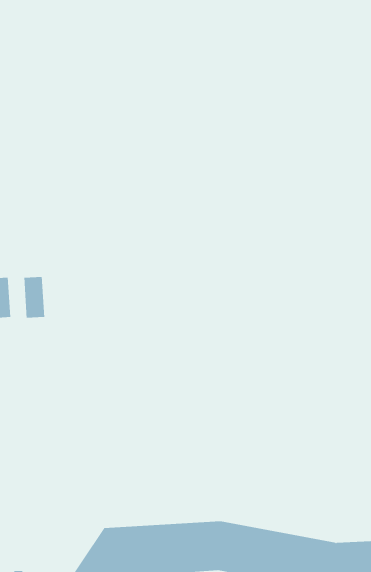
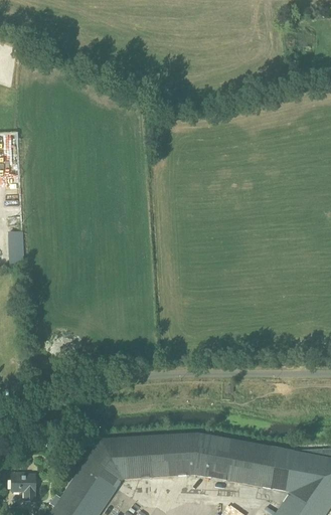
building: [24,276,45,318] -> none

